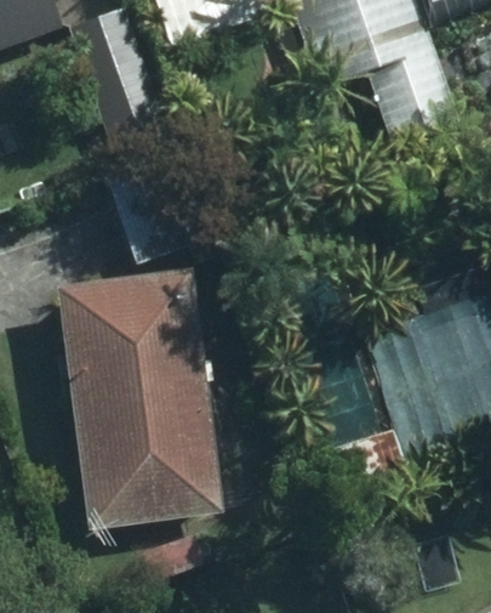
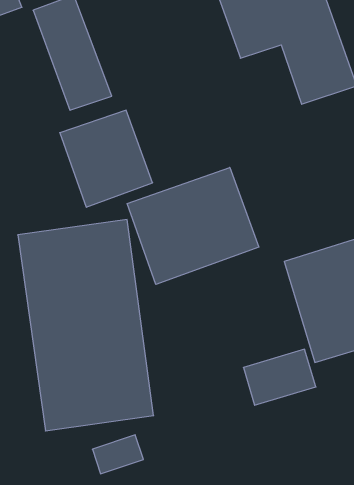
building: none -> [127,167,259,284]

